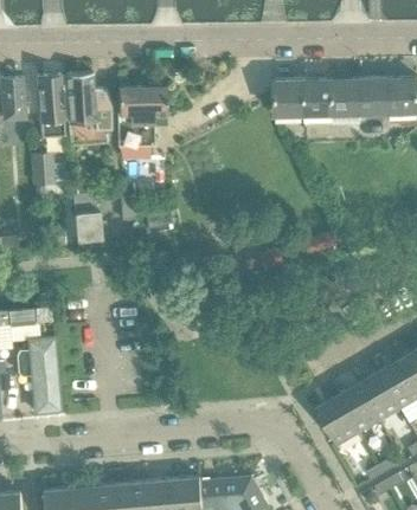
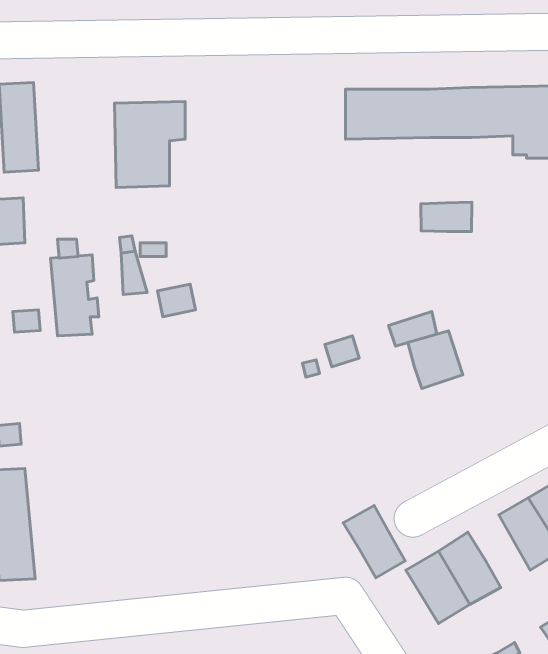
building: [64,71,111,144] -> none
building: none -> [421,202,472,231]
building: none -> [408,331,463,389]
building: [359,370,402,420] -> [343,506,405,578]

